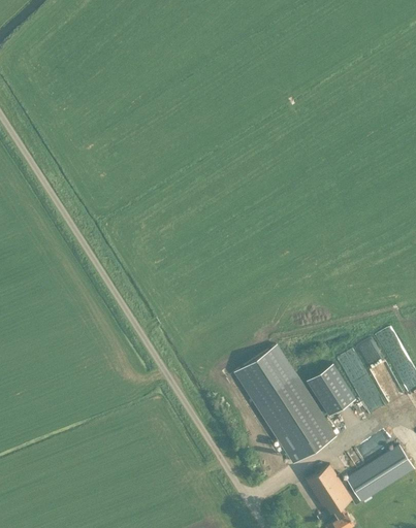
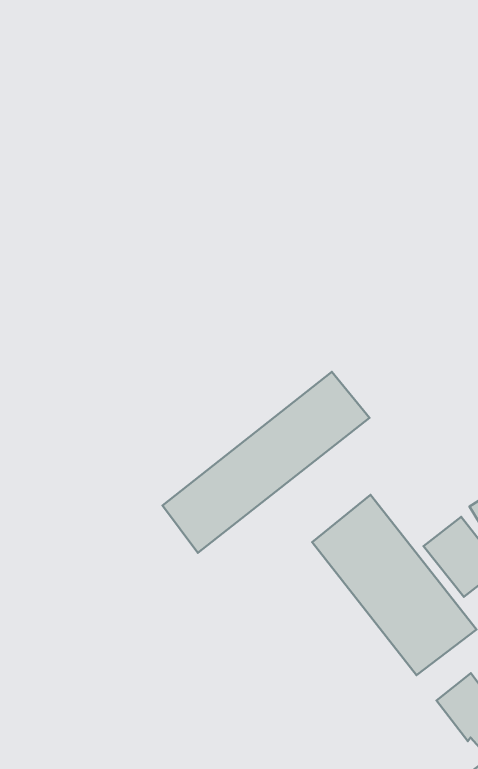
building: none -> [163,372,370,553]

